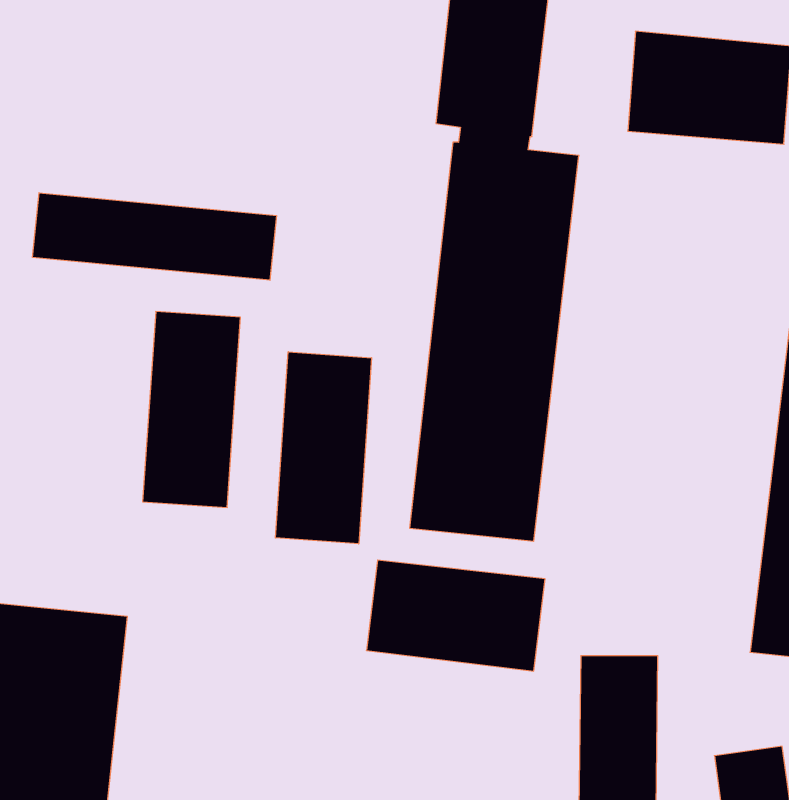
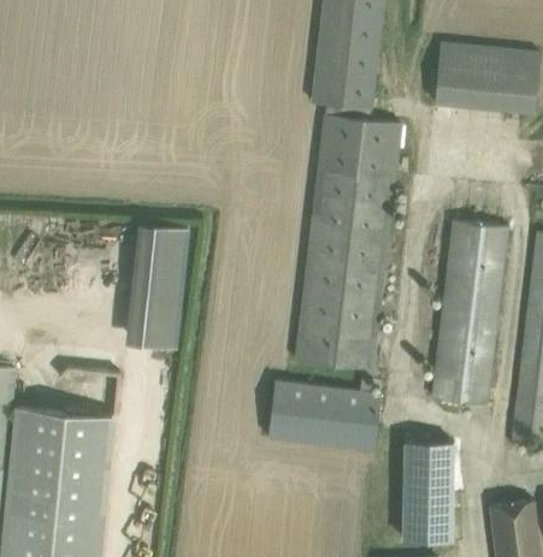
building: [33,193,276,280] -> none
building: none -> [432,220,508,404]
building: [275,352,372,544] -> none

